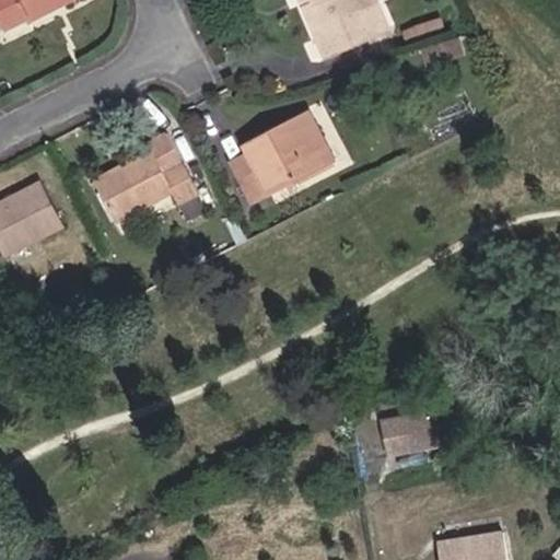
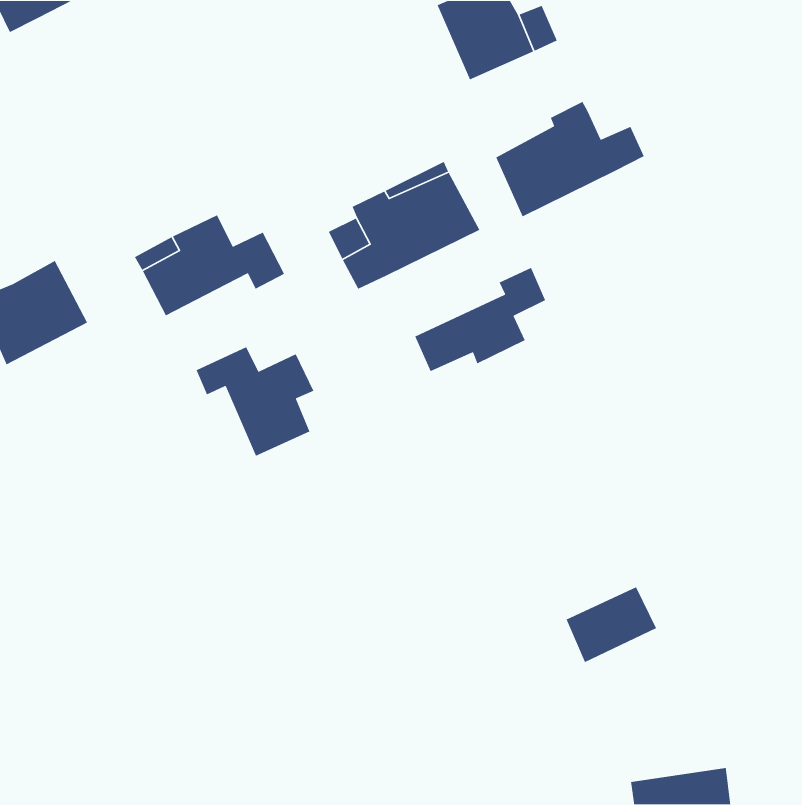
building: none -> [495,101,645,217]
building: none -> [414,267,546,372]
building: none -> [196,346,314,457]

